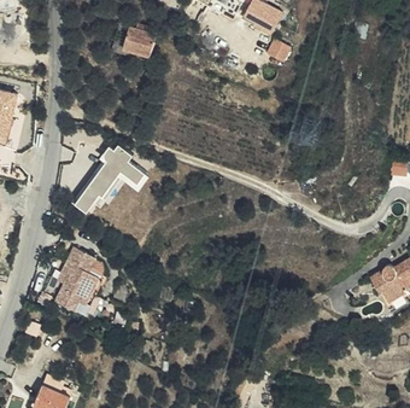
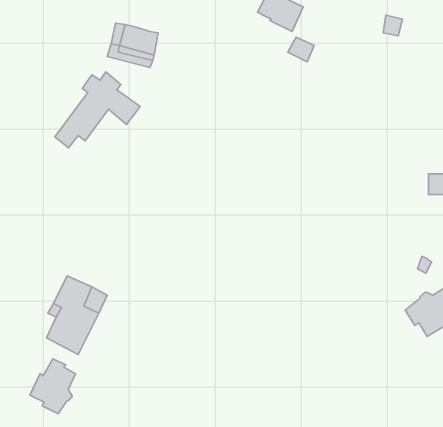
building: [75,144,150,210] -> [55,72,140,148]
building: none -> [30,359,76,414]

